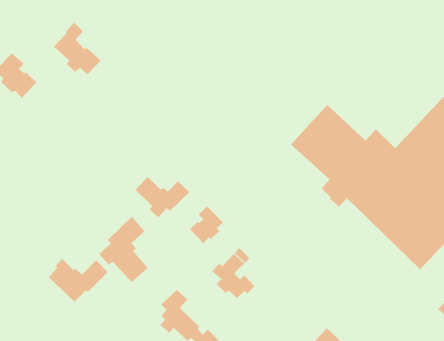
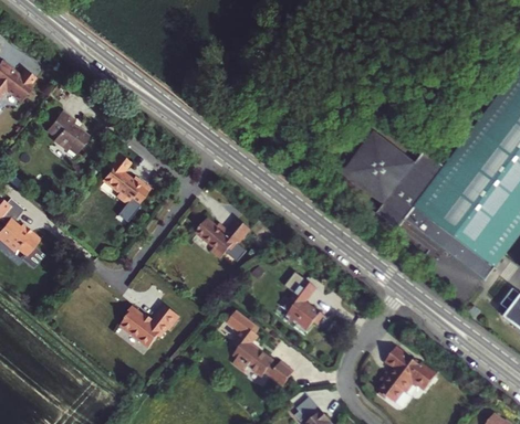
building: [53,21,101,75] -> [102,153,150,204]
building: [189,206,224,244] -> none
building: [99,216,149,283] -> none

